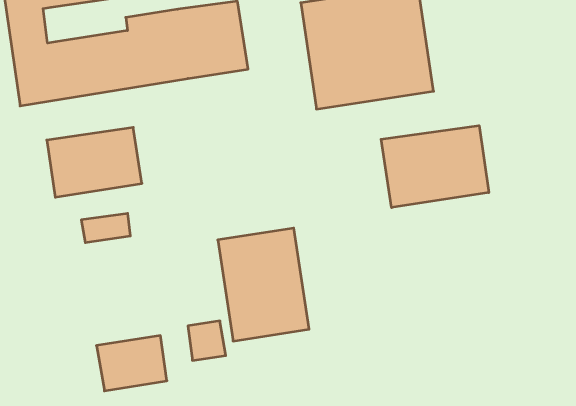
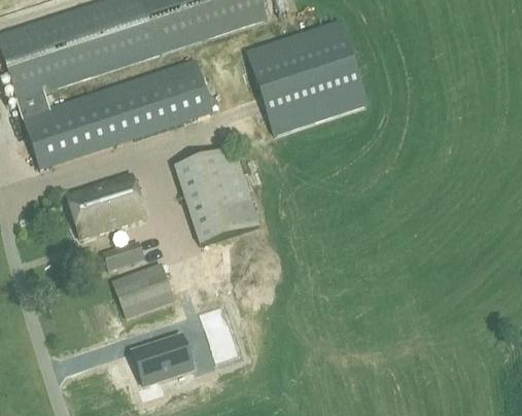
building: [381,126,489,208] -> none
building: [218,228,309,341] -> [174,146,258,244]
building: none -> [111,262,175,318]

